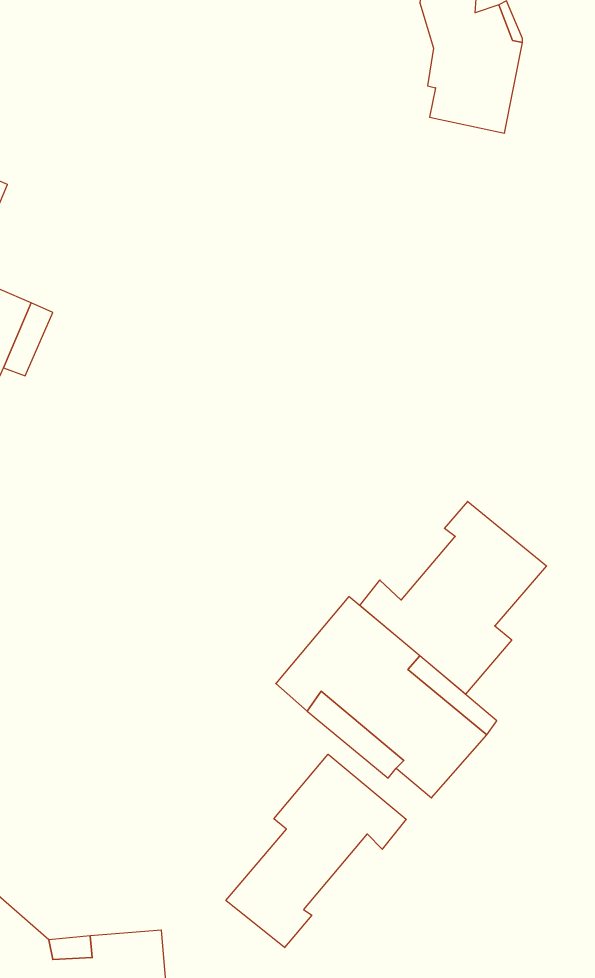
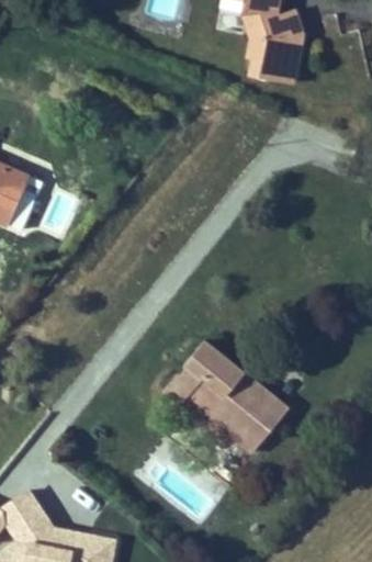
building: [360,501,547,694] -> none
building: [226,754,406,948] -> none

